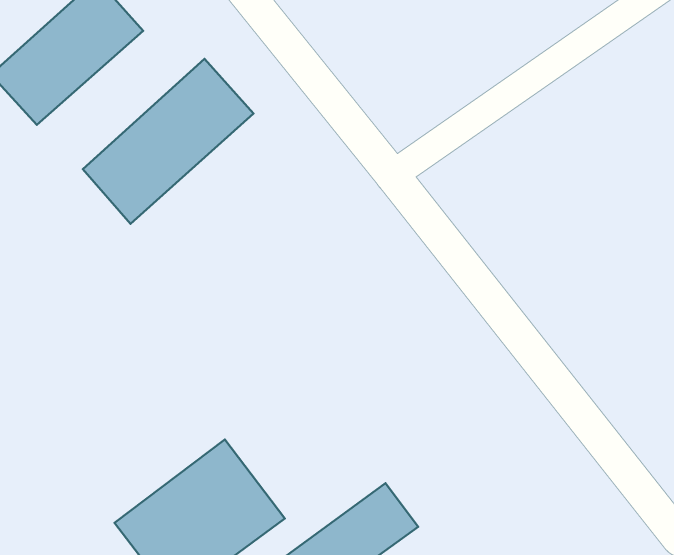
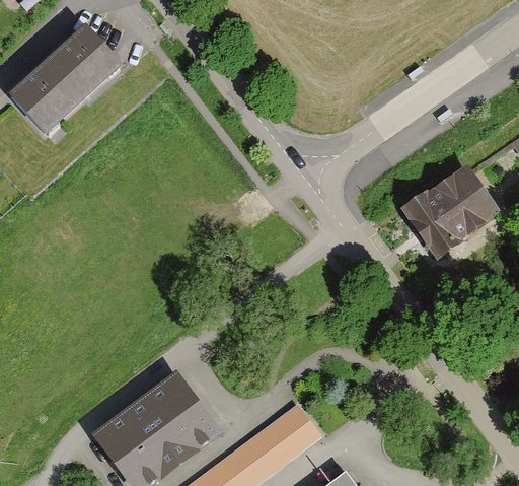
building: [83,59,254,224] -> none
building: none -> [400,166,500,260]

